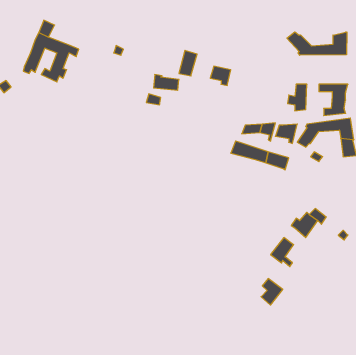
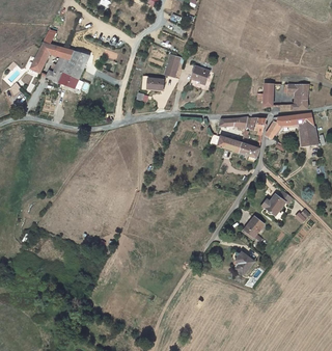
building: [287,32,347,55] -> none
building: none -> [59,54,87,88]

